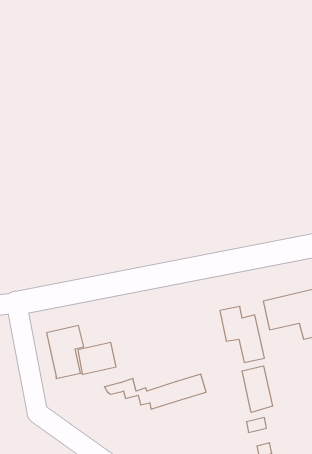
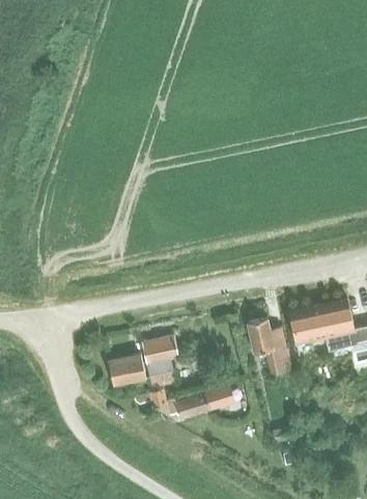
building: [47,326,84,378] -> [142,335,178,387]
building: [242,366,272,412] -> none

